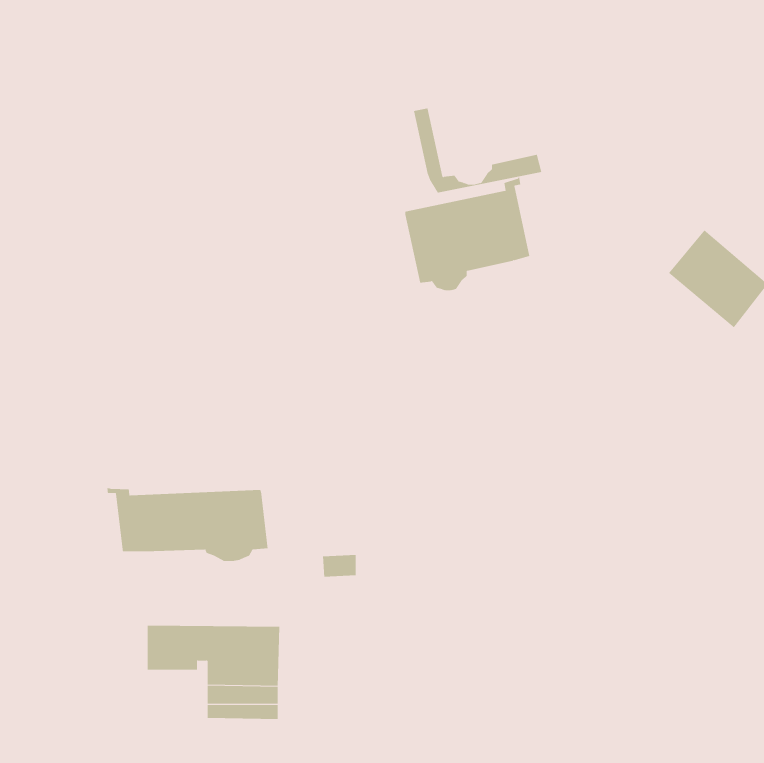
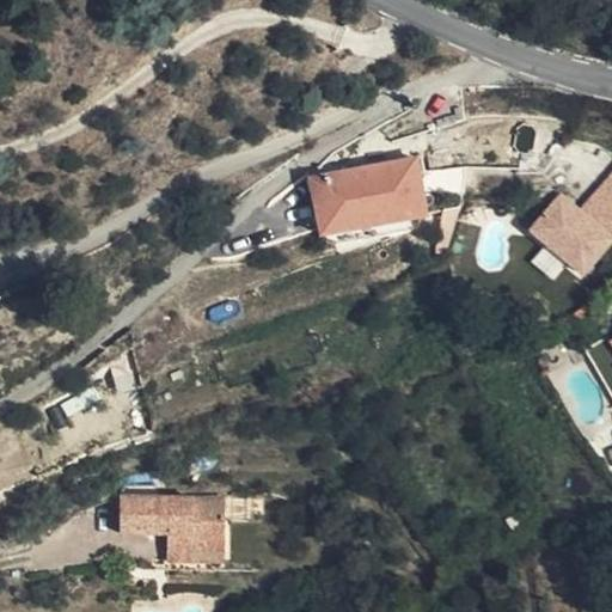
building: [413,108,542,193] -> [312,171,415,239]
building: [107,487,268,562] -> none

